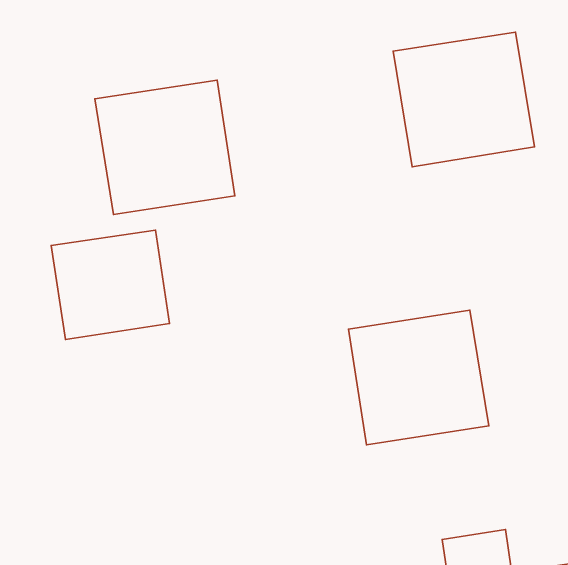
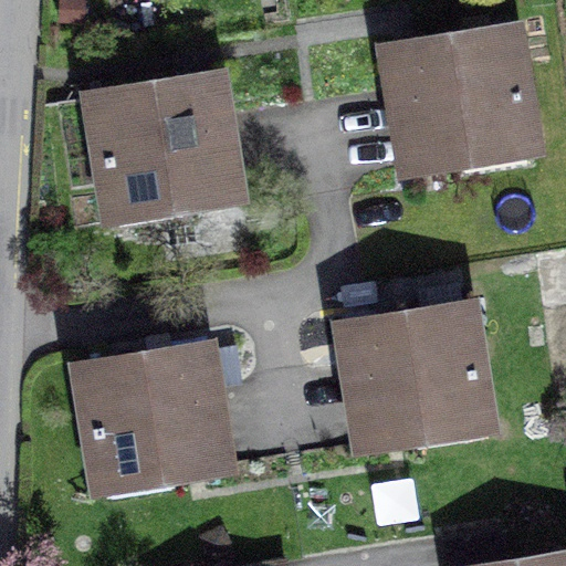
building: [51,230,170,339] -> none
building: none -> [84,353,224,488]

